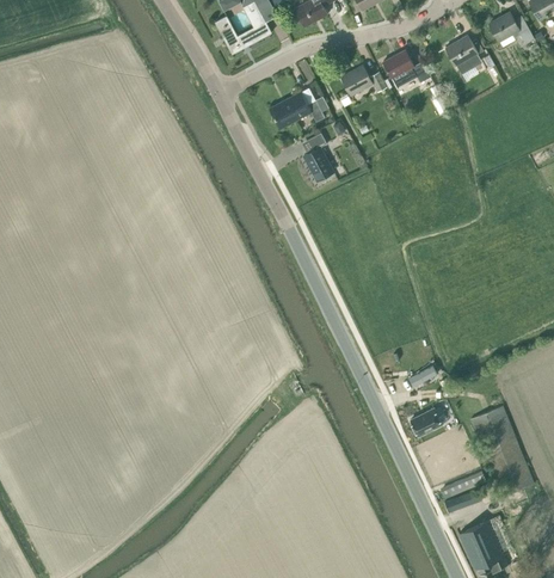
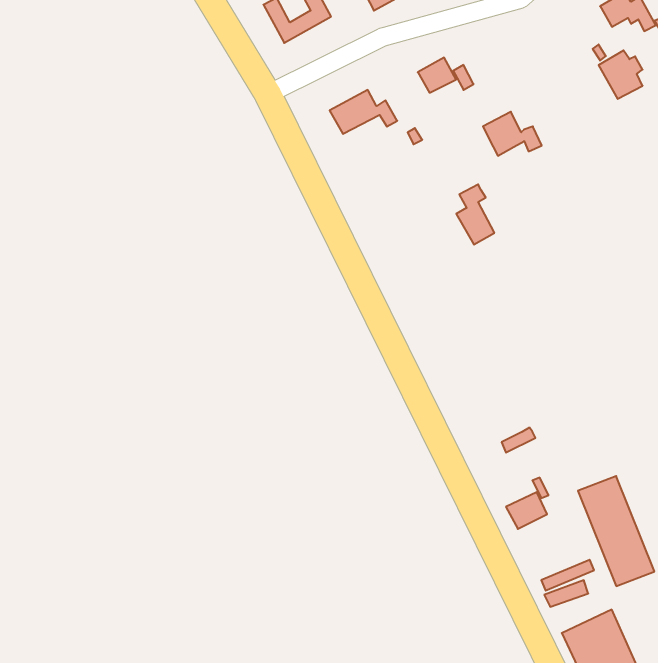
building: [445,35,481,74] -> [599,50,643,99]
building: [382,50,430,86] -> [483,112,542,156]
building: [302,133,333,182] -> [456,184,494,245]

